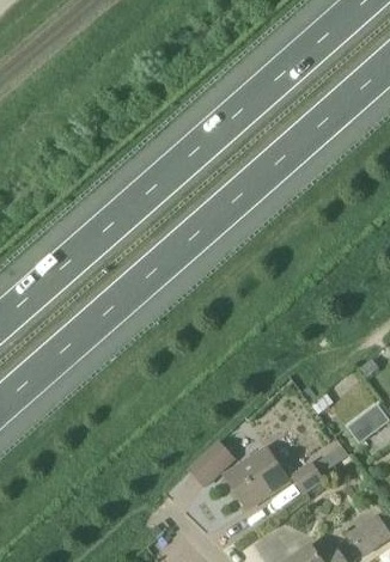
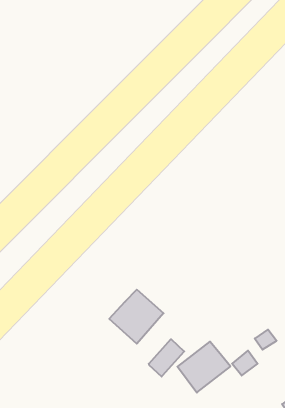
building: none -> [109,290,164,344]

